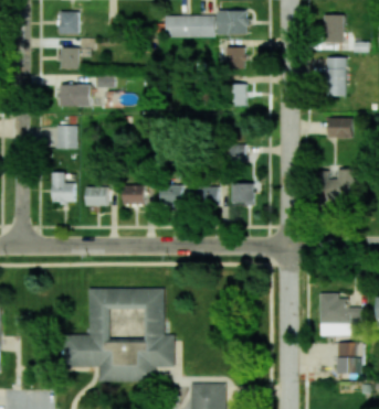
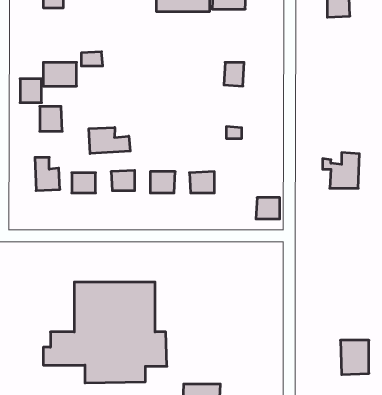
building: [60,47,80,69] -> [20,79,42,103]
building: [225,47,245,69] -> none
building: [326,57,346,97] -> none
building: [327,118,352,139] -> none
building: none -> [89,127,130,154]
building: [231,184,253,204] -> [256,198,280,219]
building: [318,293,364,336] -> none

